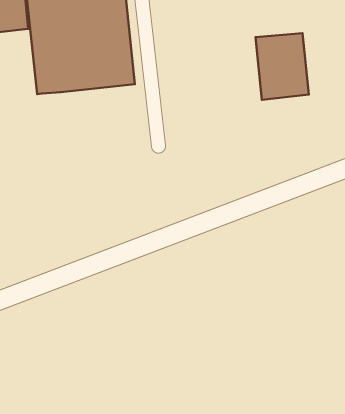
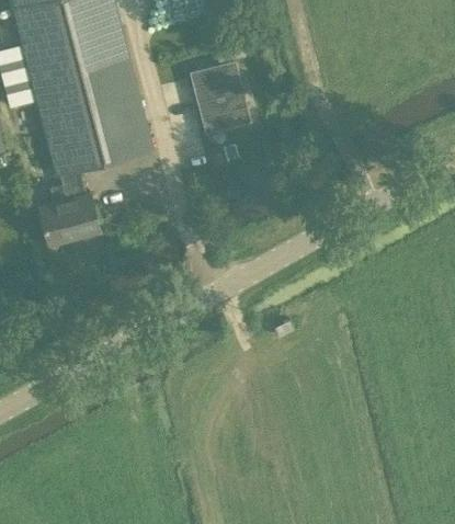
building: [256,33,309,100] -> [190,58,251,130]
building: none -> [41,167,101,241]

